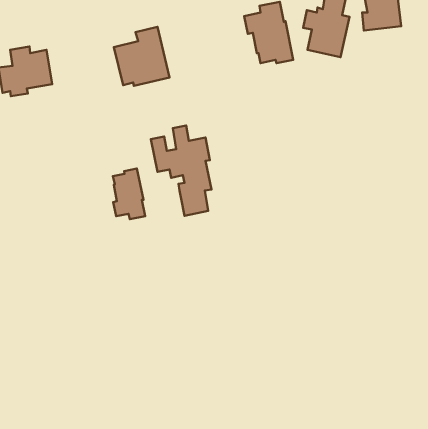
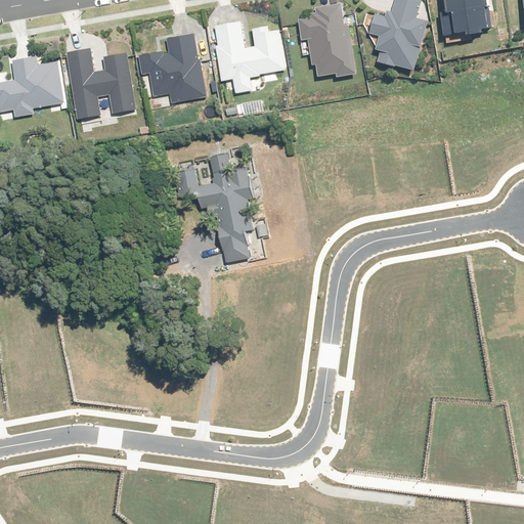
building: none -> [214,21,285,92]
building: none -> [66,49,135,119]
building: [113,169,145,219] -> none

